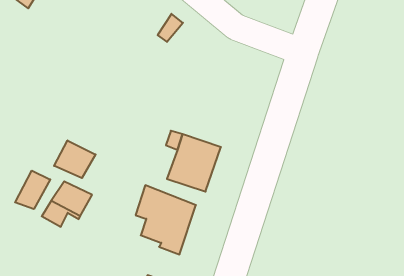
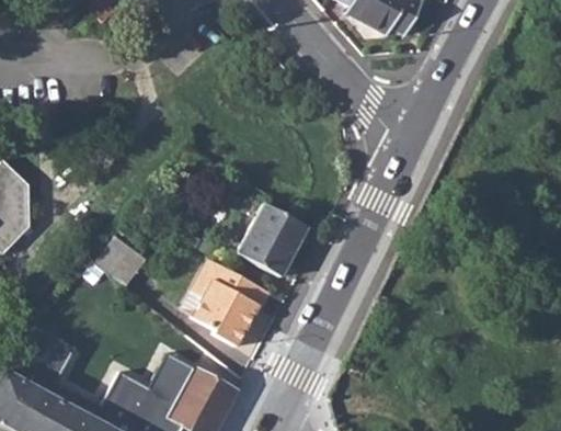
building: [54,140,96,178] -> none
building: [15,171,50,209] -> none

